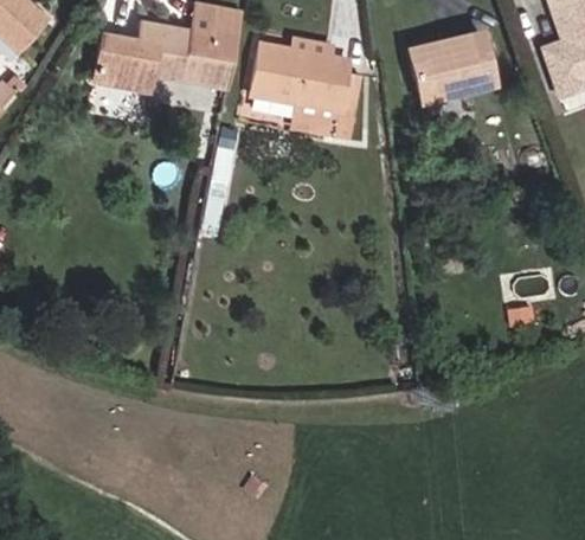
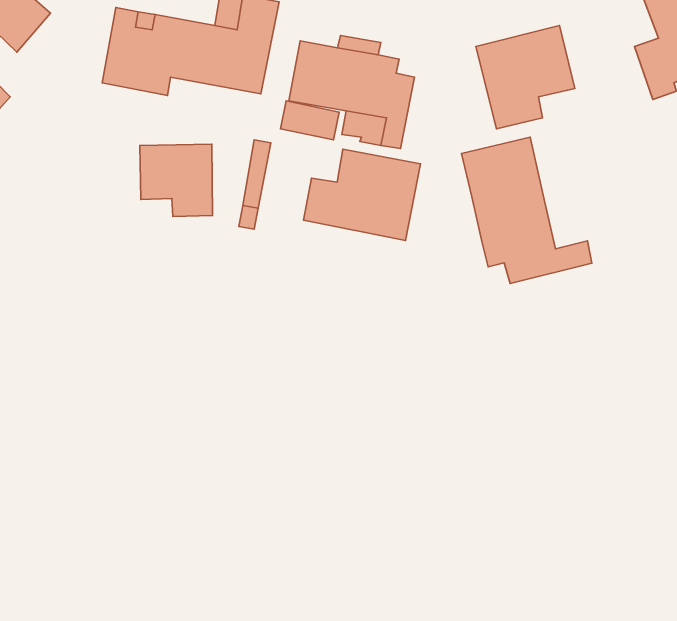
building: none -> [461,137,592,284]
building: none -> [140,144,212,216]
building: none -> [304,149,421,241]

